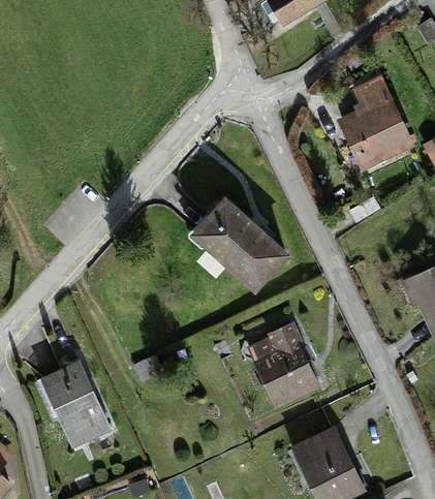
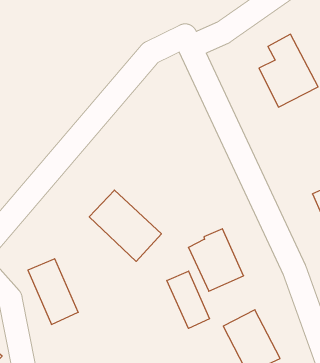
building: [198,204,290,294] -> [89,190,161,261]
building: none -> [167,271,210,328]

